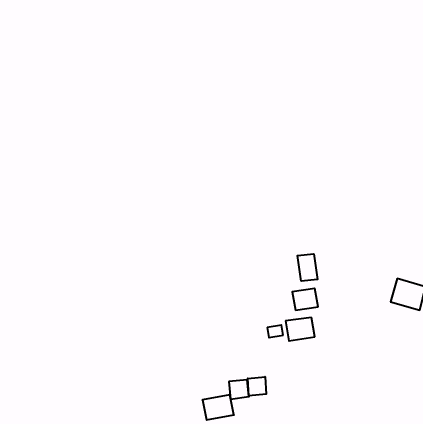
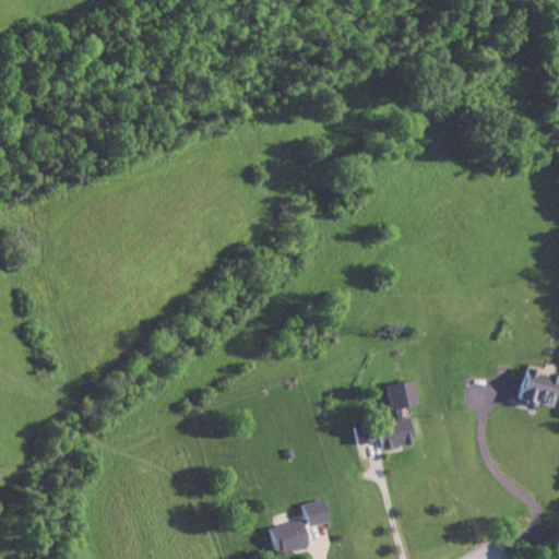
building: [297,254,318,281] -> none
building: [248,377,266,396] -> none

